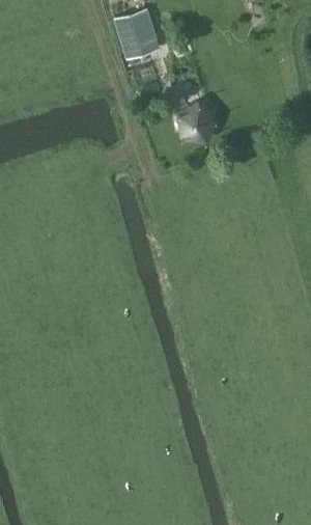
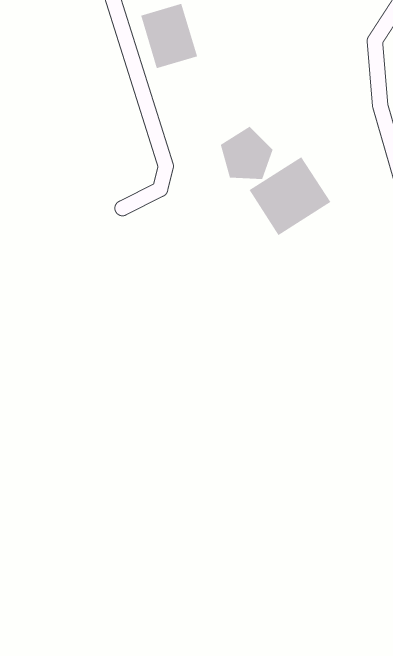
building: none -> [248,156,331,236]

